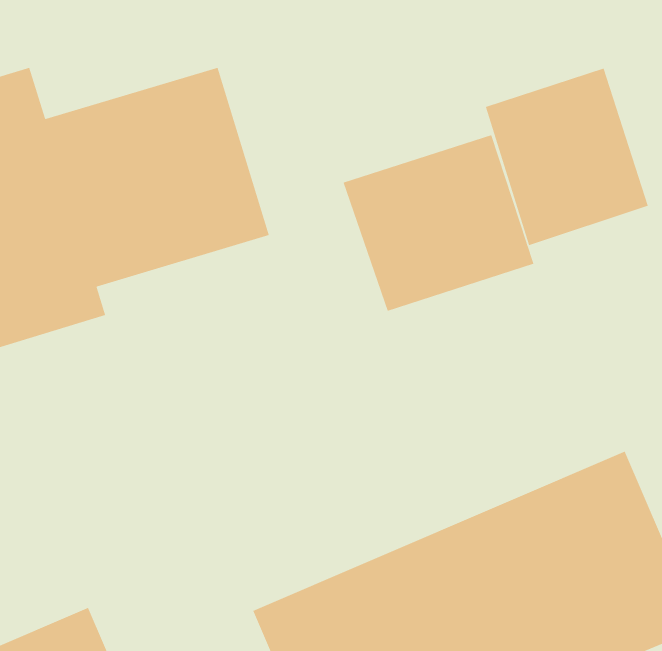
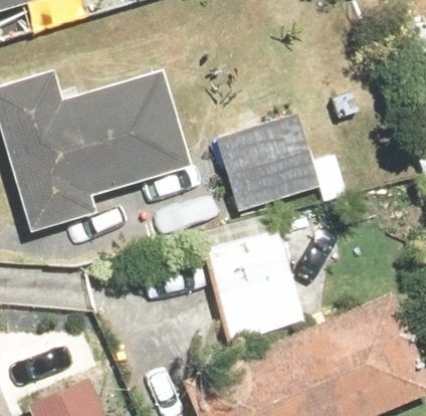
building: [485,68,649,246] -> none
building: none -> [220,223,314,338]

